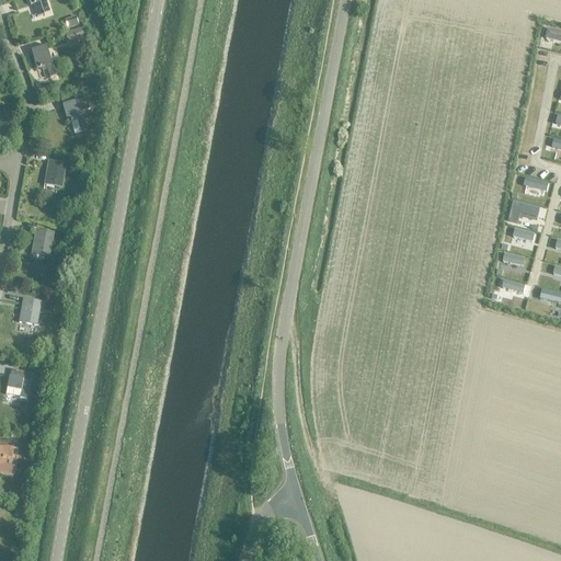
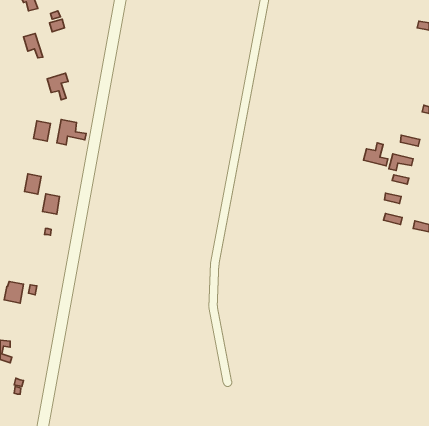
building: none -> [57,119,86,145]
building: none -> [364,143,388,166]
building: [19,296,41,322] -> [43,194,59,214]

